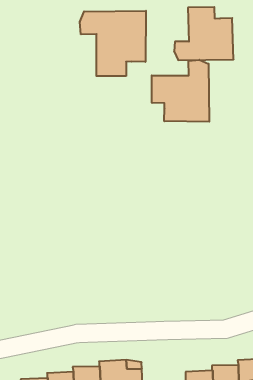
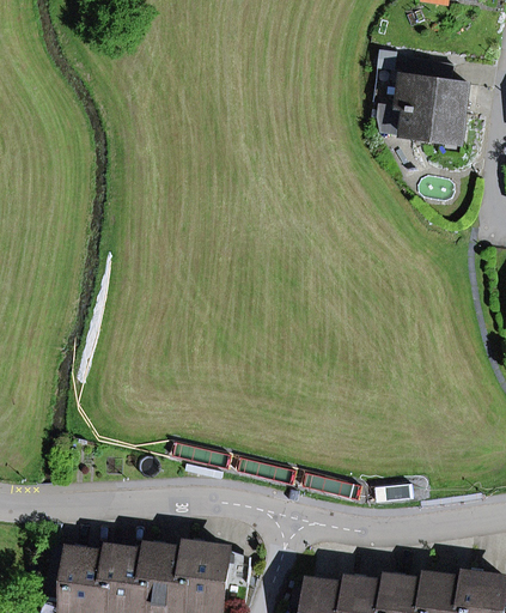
building: [80,11,146,76] -> none
building: [152,60,209,122] -> none

